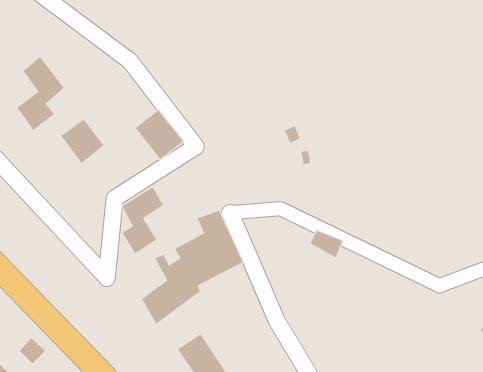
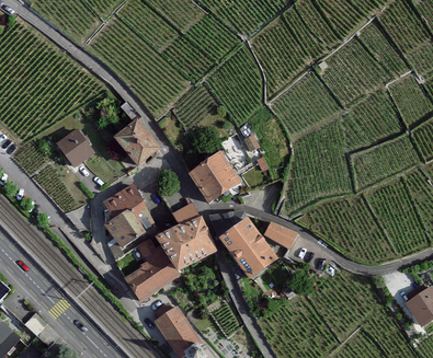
building: [16,56,64,131] -> none
building: none -> [192,155,242,206]
building: none -> [208,211,272,276]

